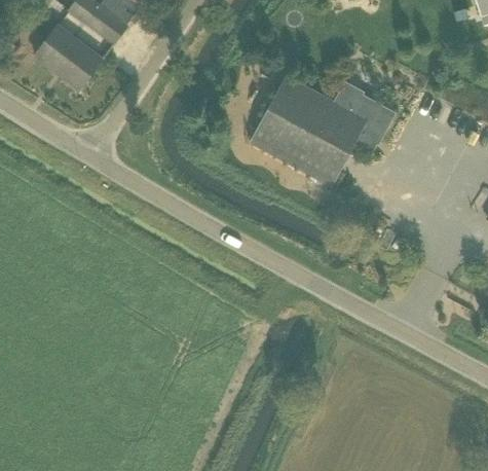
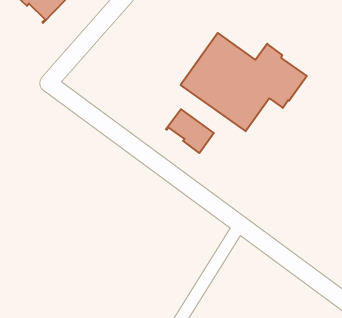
building: none -> [166,109,214,153]

